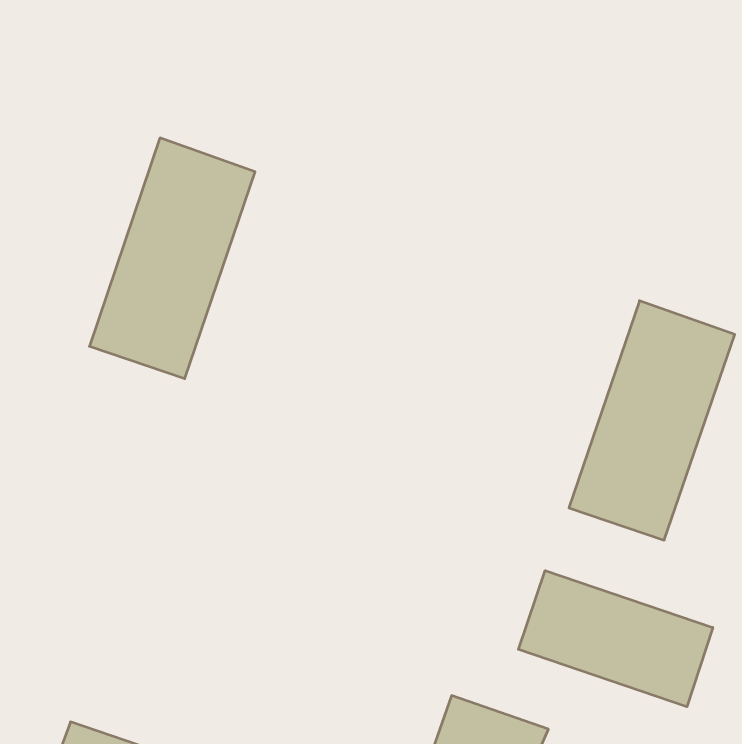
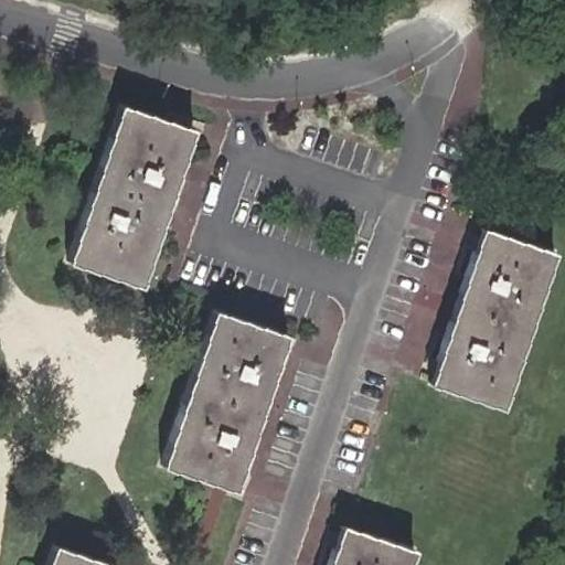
building: none -> [167,313,291,493]
building: [518,571,713,707] -> none

